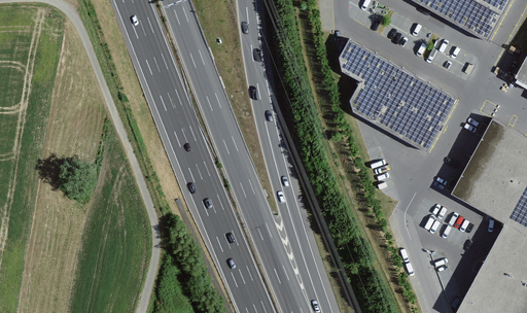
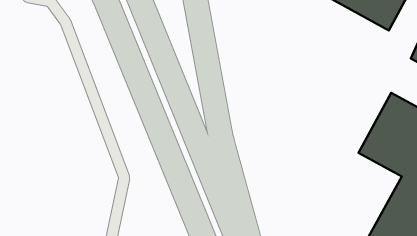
building: [343,41,457,151] -> none

